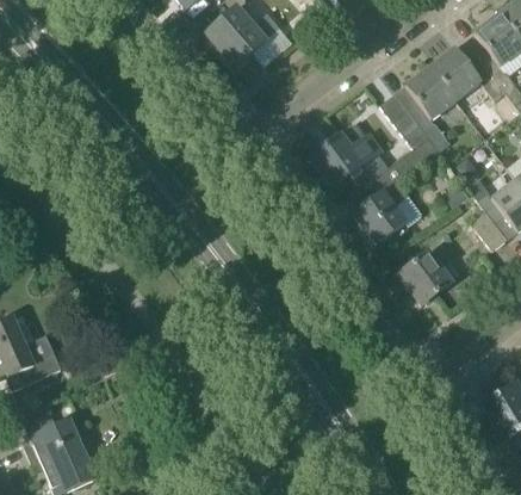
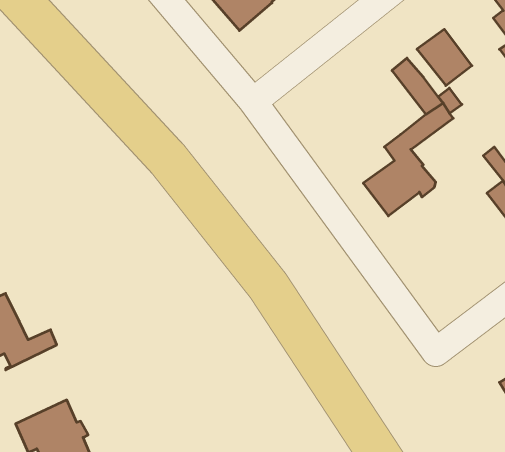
building: [430,47,480,100] -> none
building: [311,123,389,188] -> none
building: [398,252,461,304] -> none

